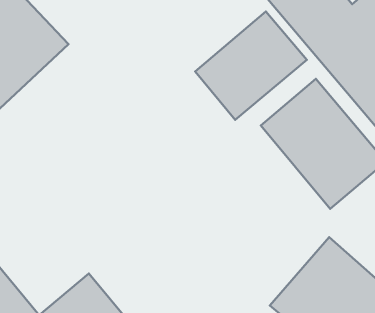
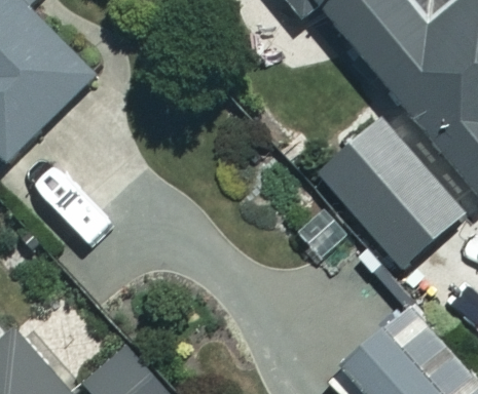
building: [195,11,307,120] -> none

